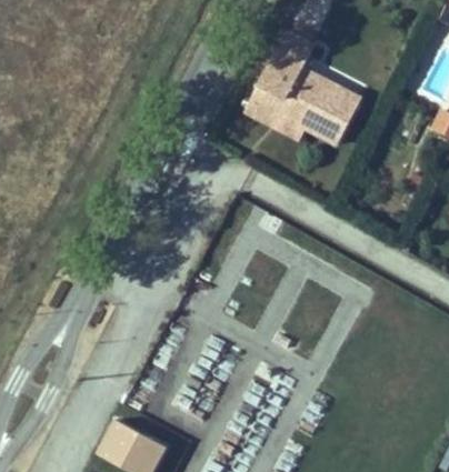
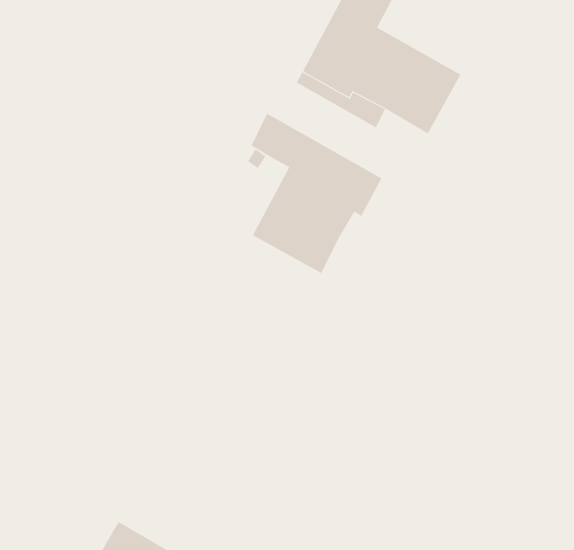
building: none -> [251,113,382,274]

